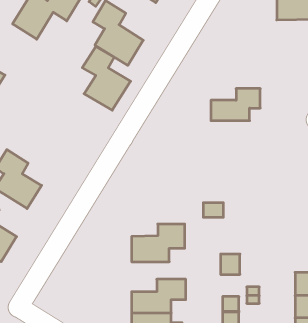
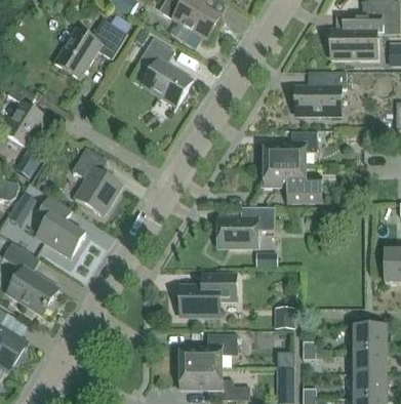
building: none -> [297,72,345,115]
building: [82,46,131,110] -> [71,148,122,215]
building: none -> [259,165,320,202]
building: none -> [217,207,274,246]

